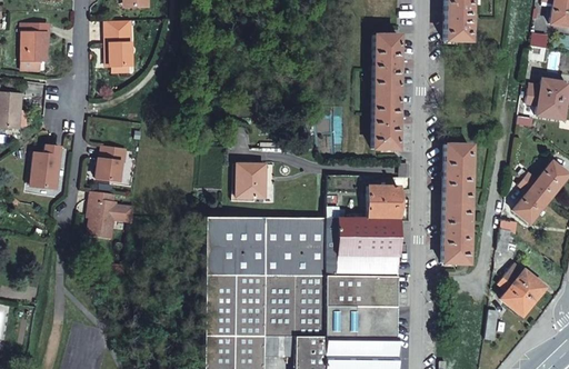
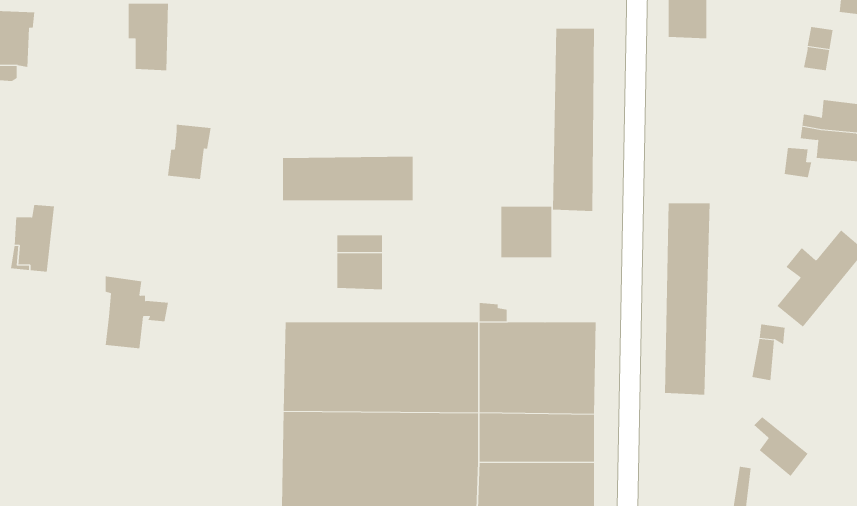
building: none -> [282,156,413,201]
building: [100,146,128,180] -> [167,124,212,179]
building: [369,187,401,219] -> [500,206,552,258]
building: [505,265,546,301] -> none

